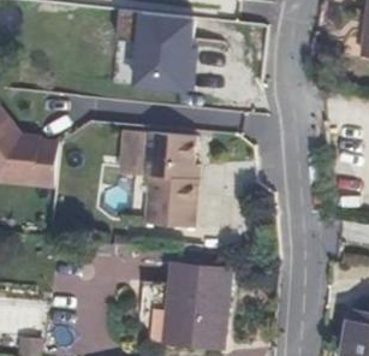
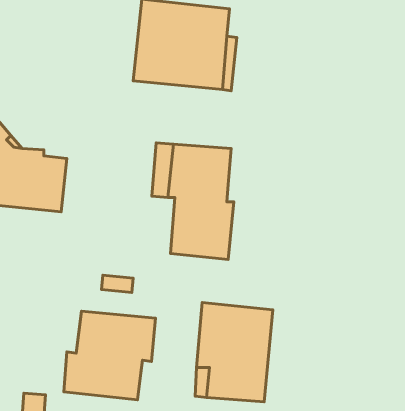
building: none -> [64,311,156,400]

